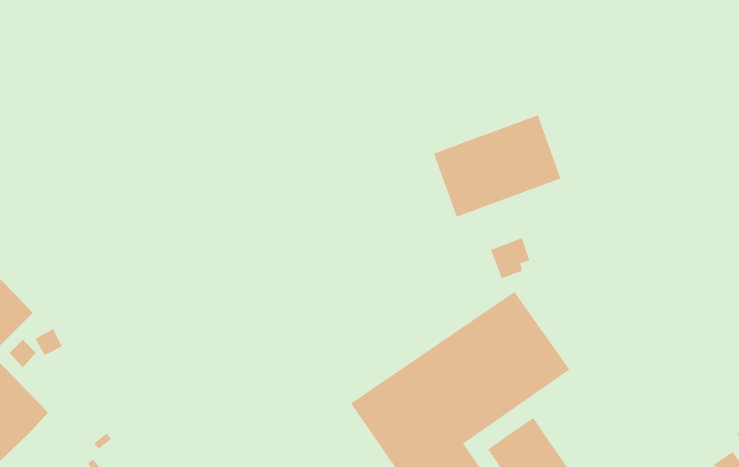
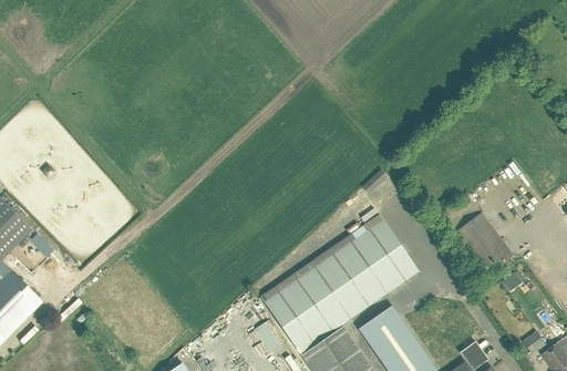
building: [433,115,561,217] -> none
building: none -> [449,213,513,279]

